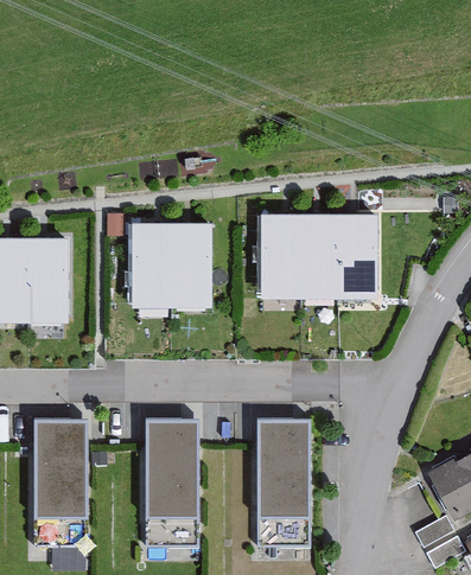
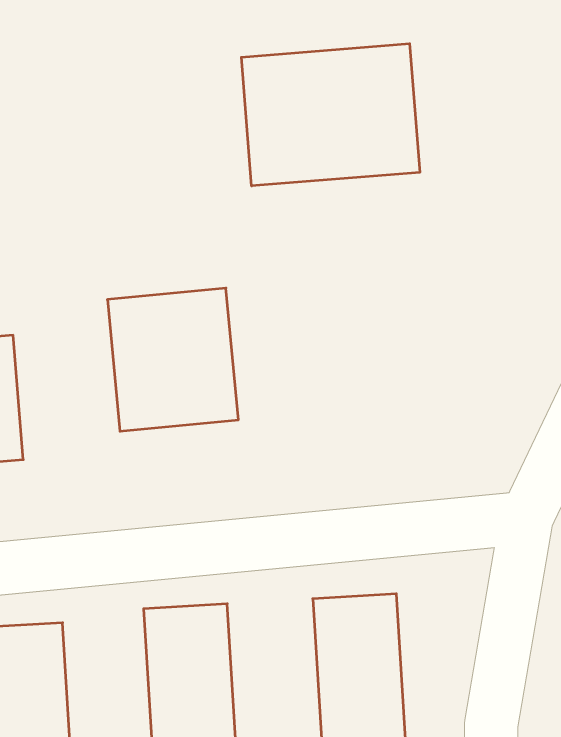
building: none -> [241,44,420,186]
building: [263,213,381,294] -> none

